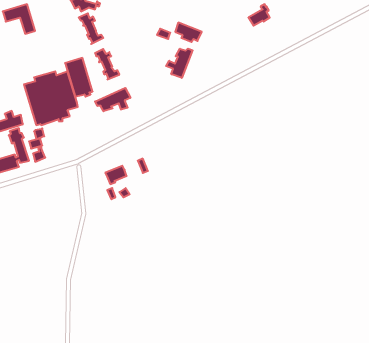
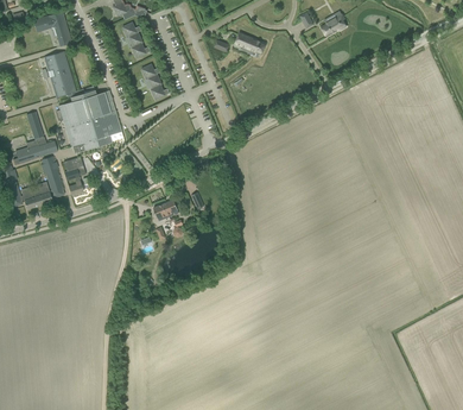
building: [166,49,193,78] -> none
building: [65,58,93,97] -> [44,51,76,96]
building: [95,88,130,111] -> none

